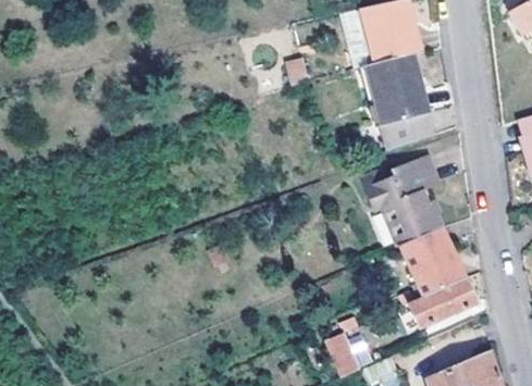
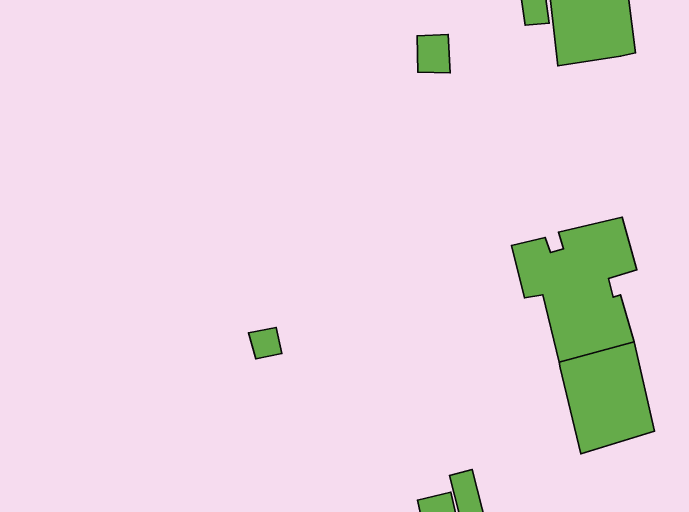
building: [364,54,430,148] -> none
building: [410,277,474,326] -> none

